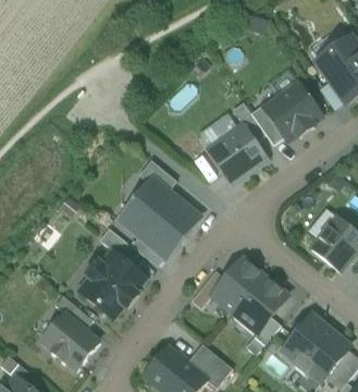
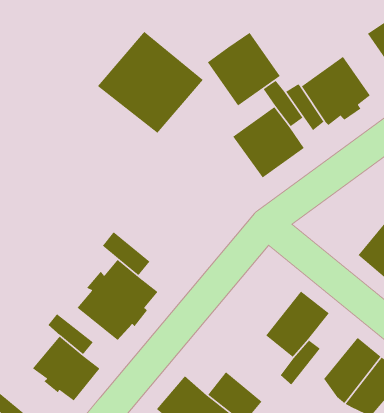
building: none -> [207,32,281,106]
building: [114,174,202,259] -> [97,31,204,134]
building: [212,256,263,313] -> none

